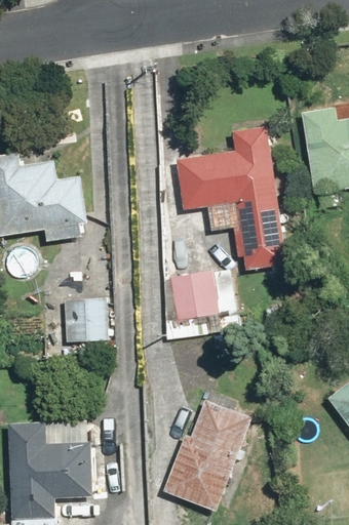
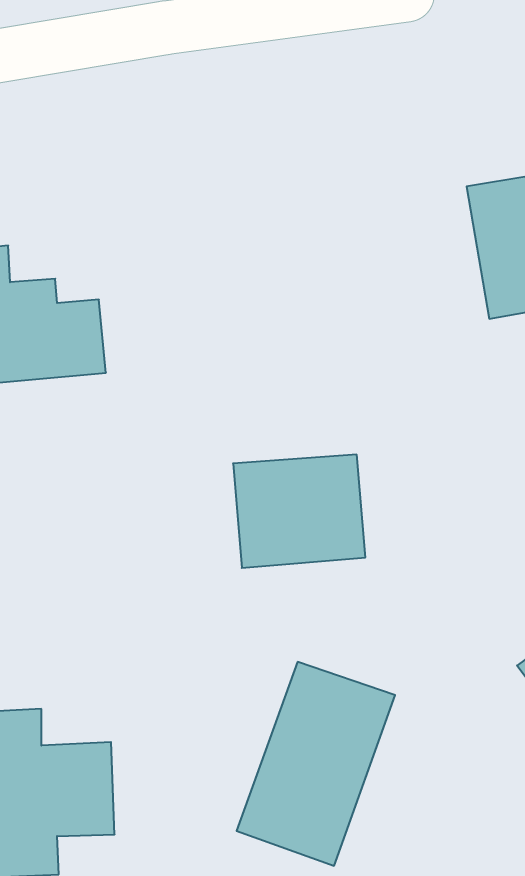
building: [179,131,290,268] -> none
building: [63,294,110,346] -> none

